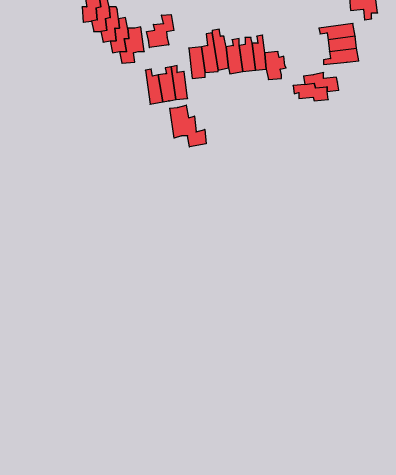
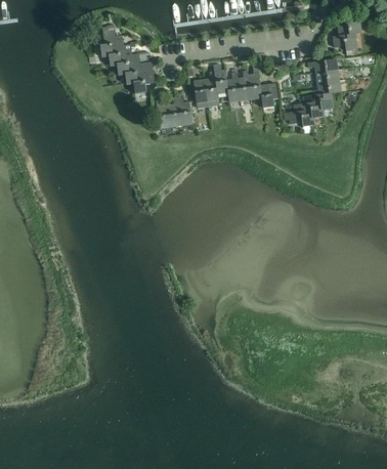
building: [147,15,174,48] -> none
building: none -> [302,92,334,110]
building: [170,105,206,147] -> none

